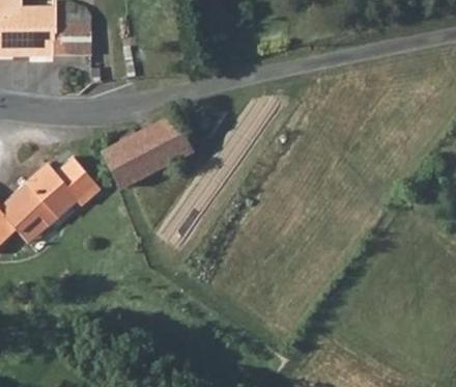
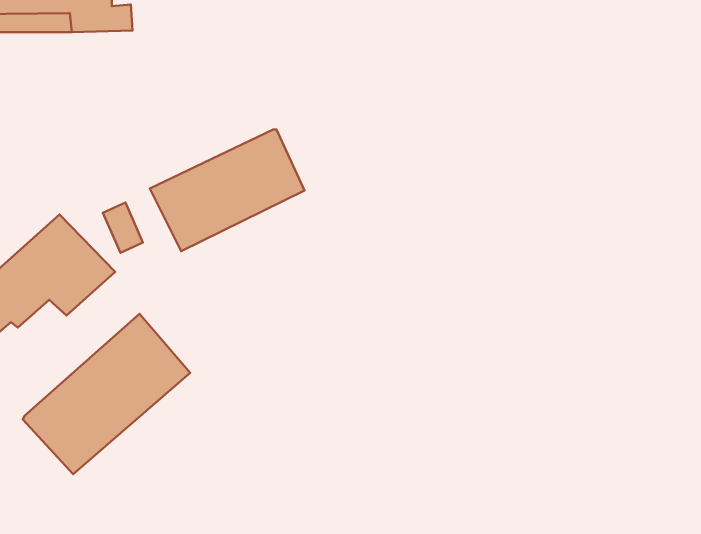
building: none -> [23,314,190,474]

